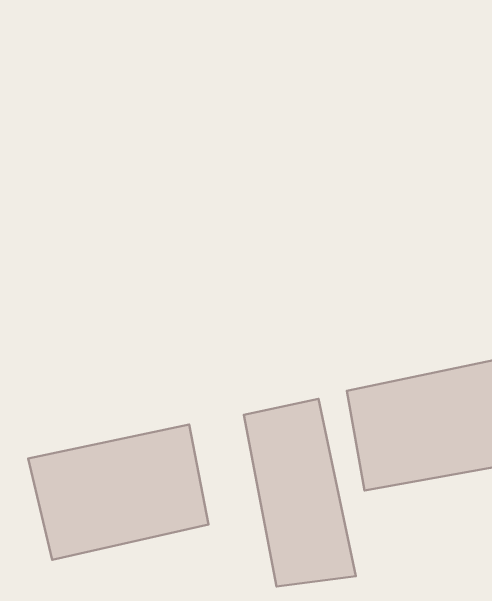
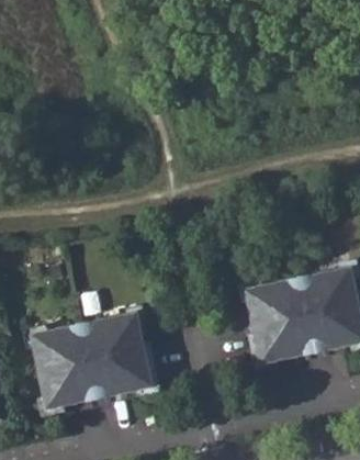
building: [244,399,356,587] -> none

